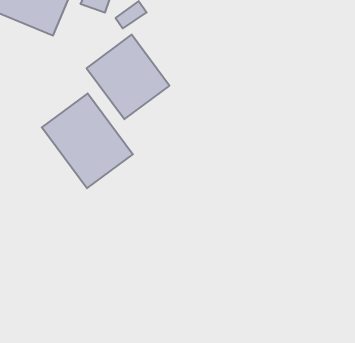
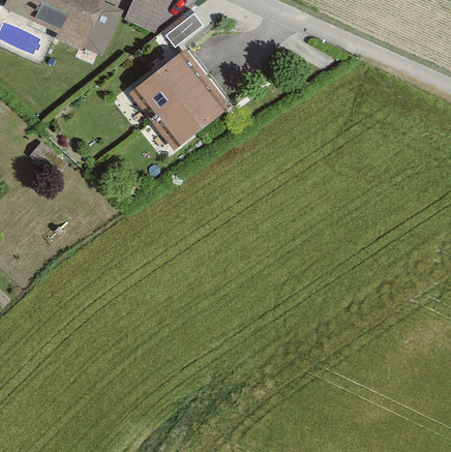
building: [42,93,133,188] -> none

